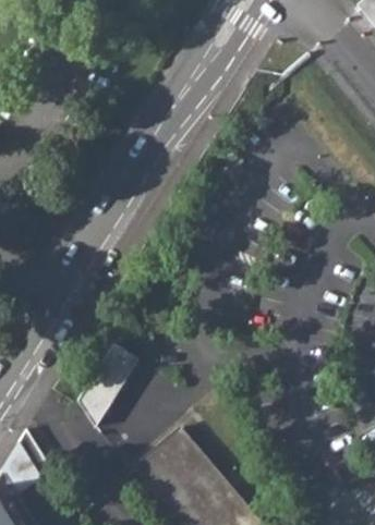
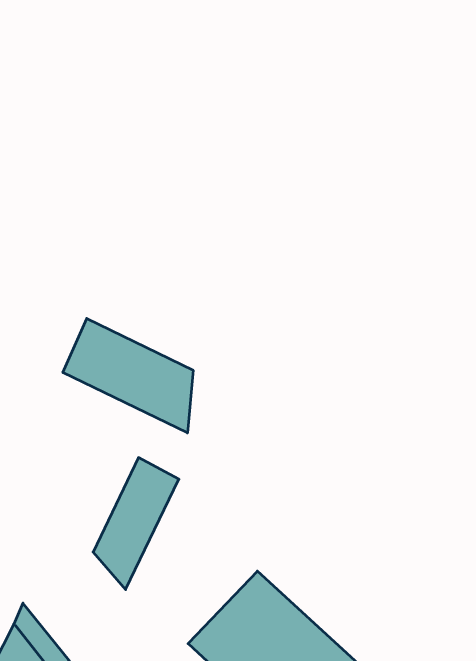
building: none -> [63,318,193,433]

